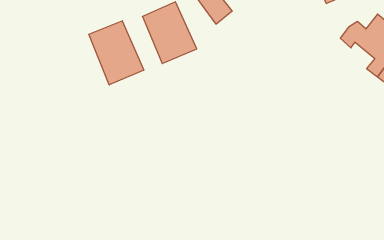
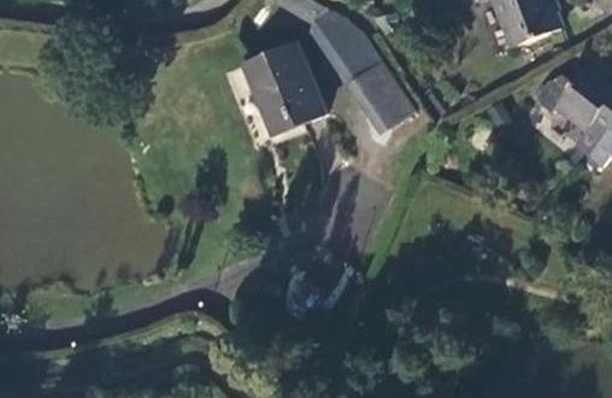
building: none -> [352,58,412,125]
building: [89,21,144,85] -> none

